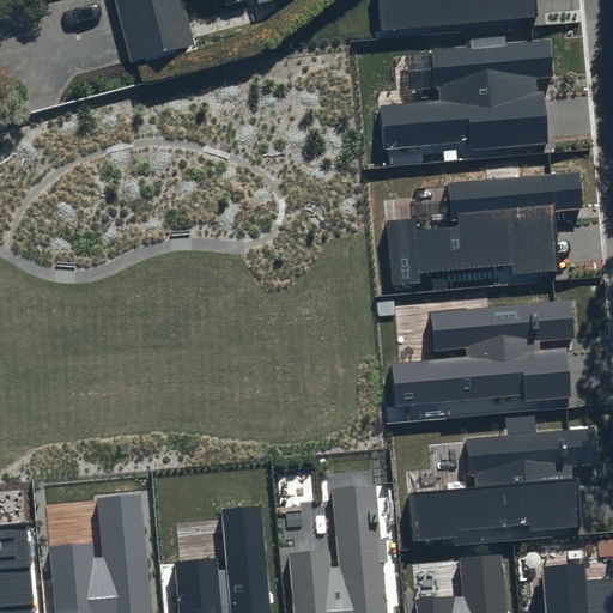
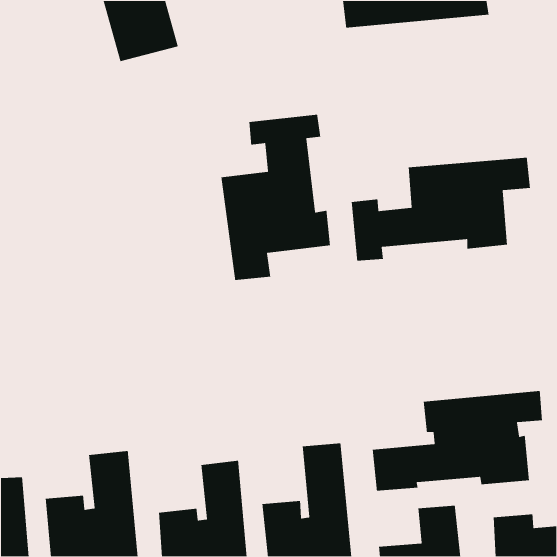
building: [381,40,553,151] -> none
building: none -> [221,114,331,281]
building: [392,301,575,406] -> none

